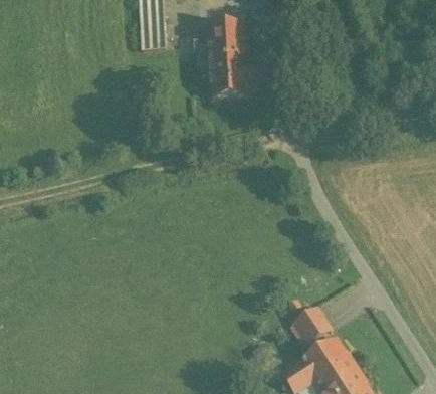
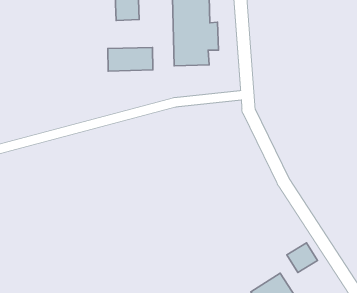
building: none -> [108,48,153,71]
building: [292,307,329,342] -> [287,243,318,273]

